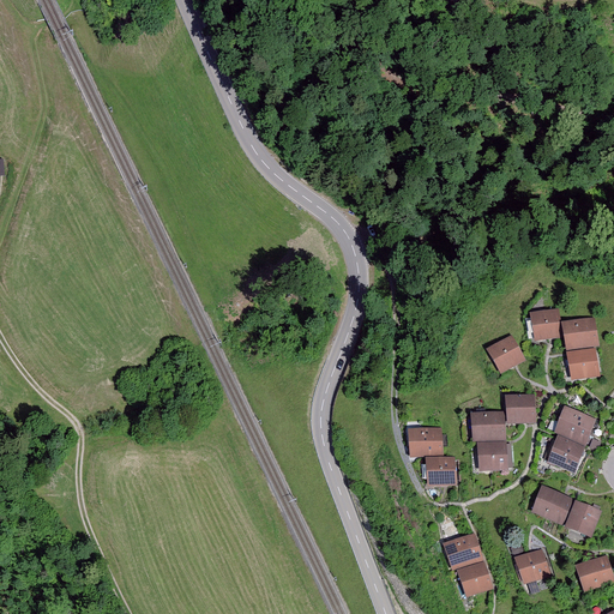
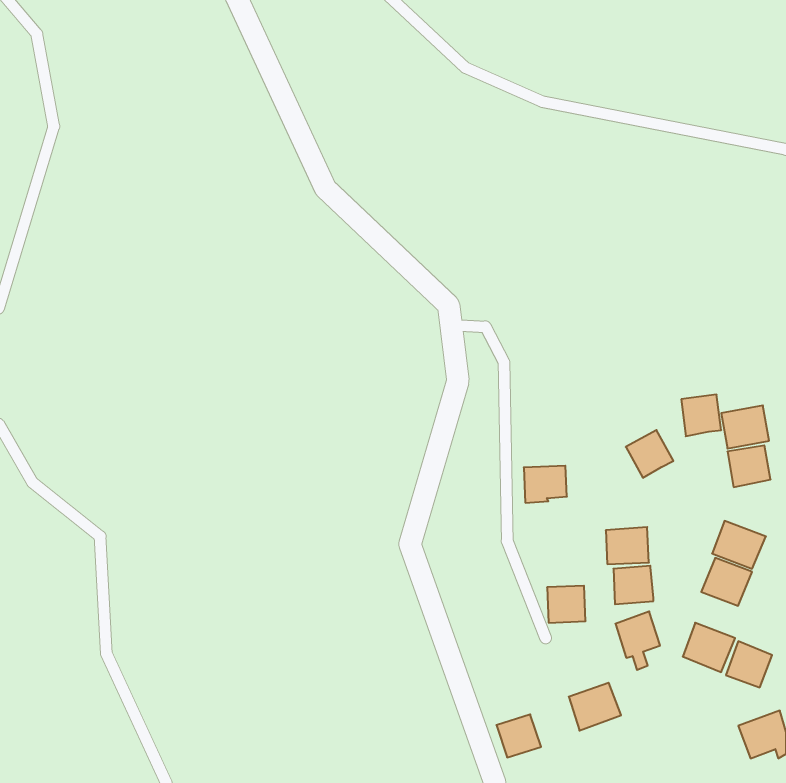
building: [505,393,535,422] -> none
building: [409,427,443,456] -> [524,466,567,503]
building: [514,547,549,592] -> [615,611,660,670]
building: [457,561,492,595] -> [496,714,541,757]

